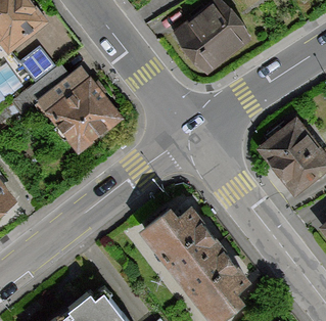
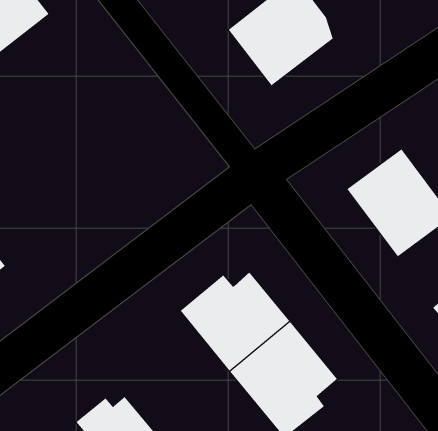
building: [27,65,123,154] -> none

